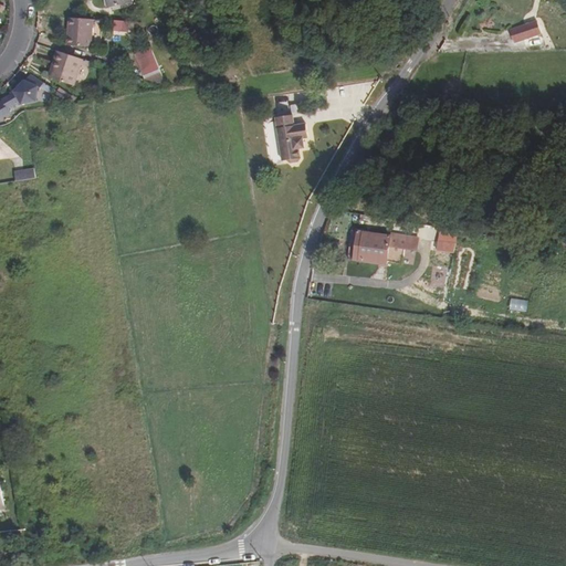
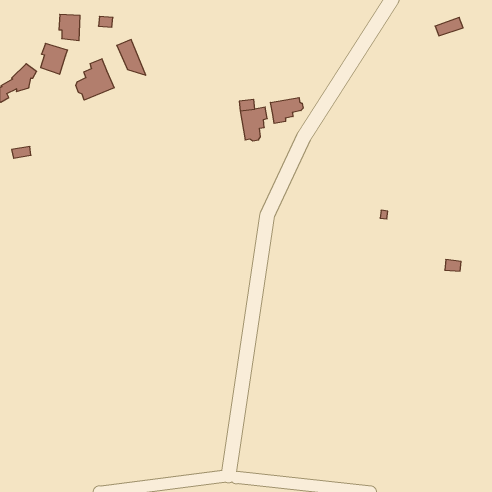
building: none -> [76,59,114,100]
building: none -> [270,98,303,123]
building: [354,230,418,264] -> none

